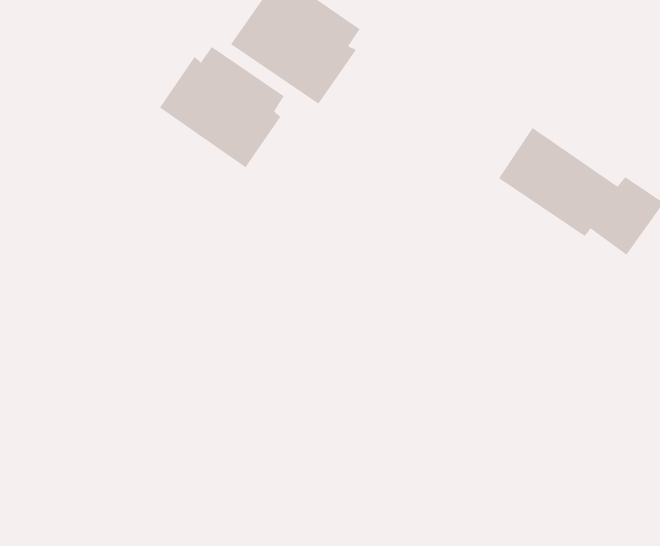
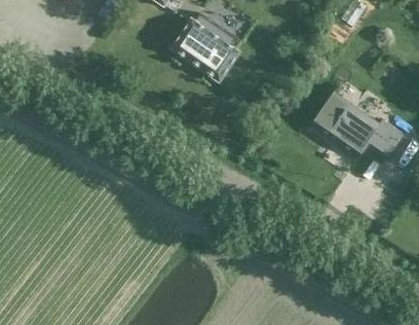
building: [159,46,284,168] -> none

